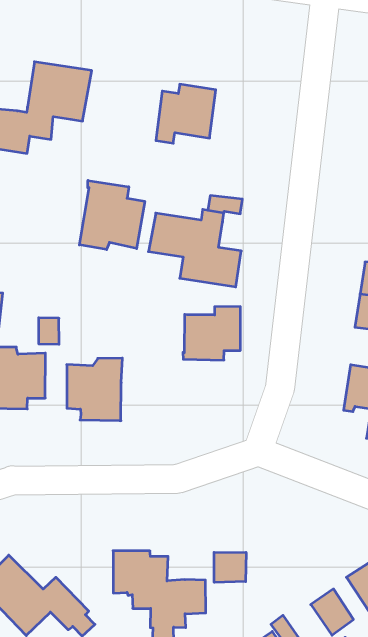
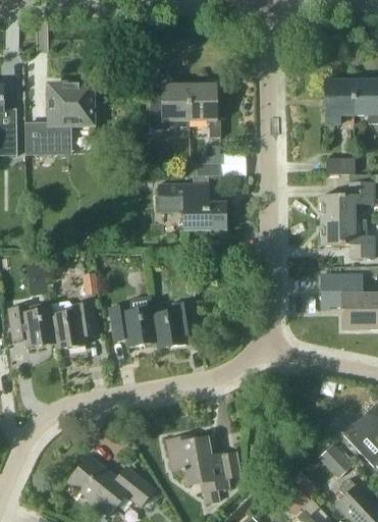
building: none -> [188,85,221,137]
building: [79,180,145,250] -> none
building: [183,307,240,360] -> [152,302,198,348]
building: [214,552,246,582] -> none

